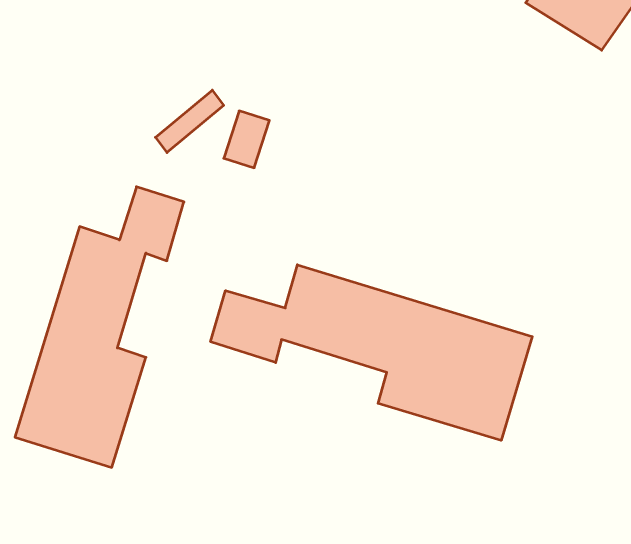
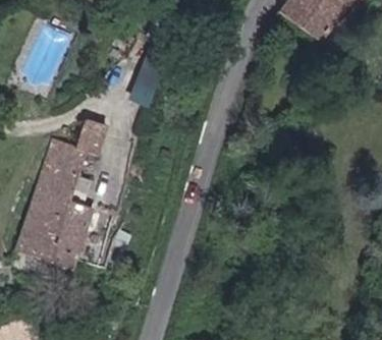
building: [211,265,532,440] -> none

